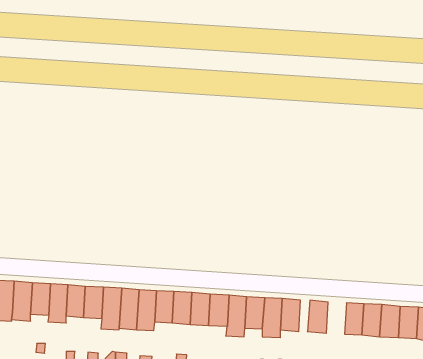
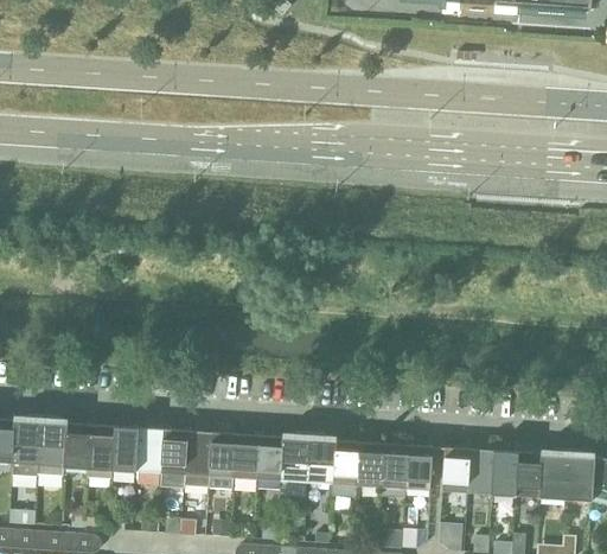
building: none -> [468,450,496,493]

